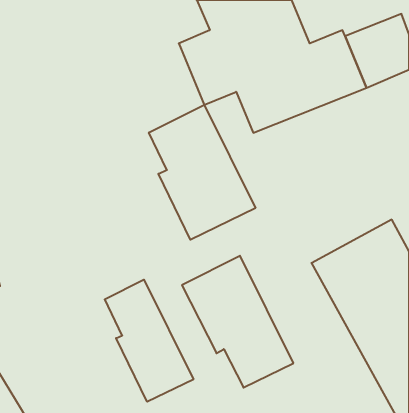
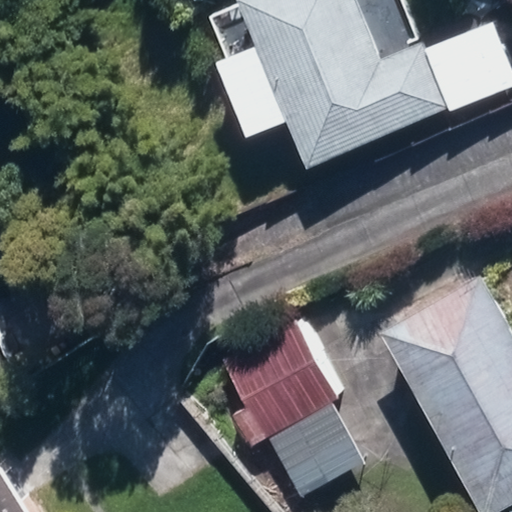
building: [149,105,255,240] -> none
building: [105,280,193,402] -> none

